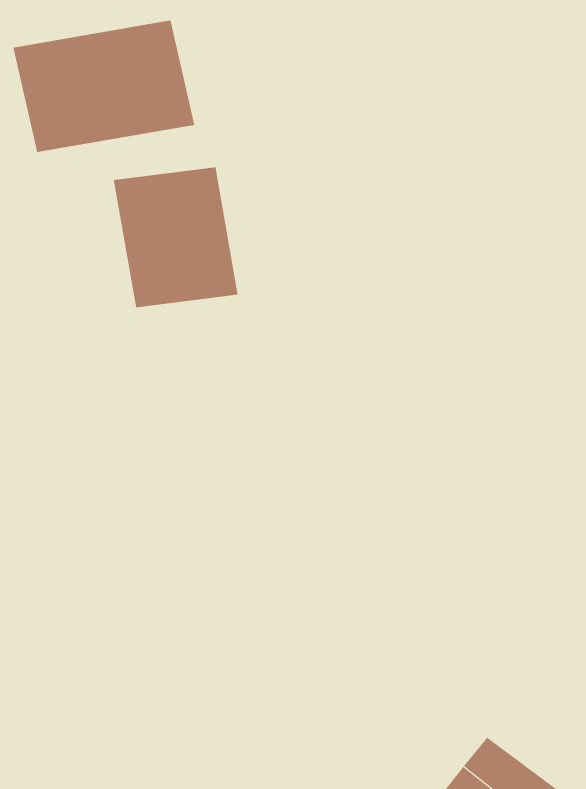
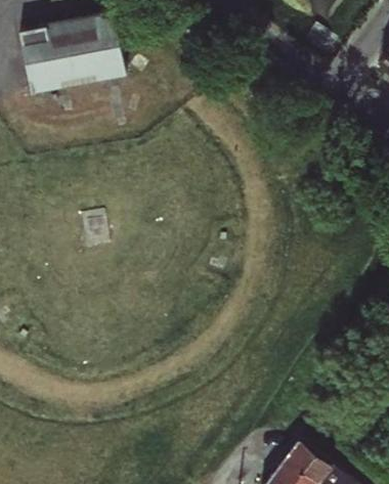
building: [113,166,238,308] -> none

